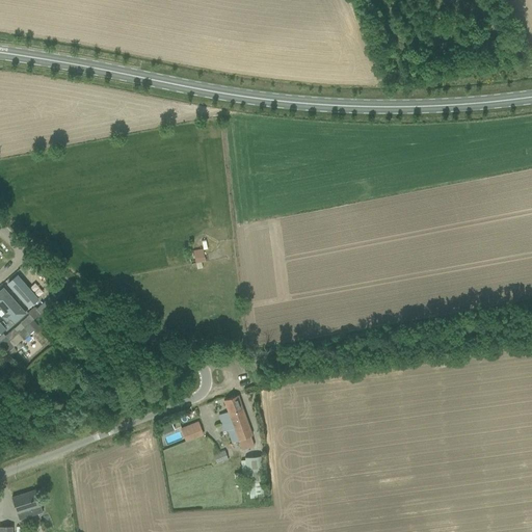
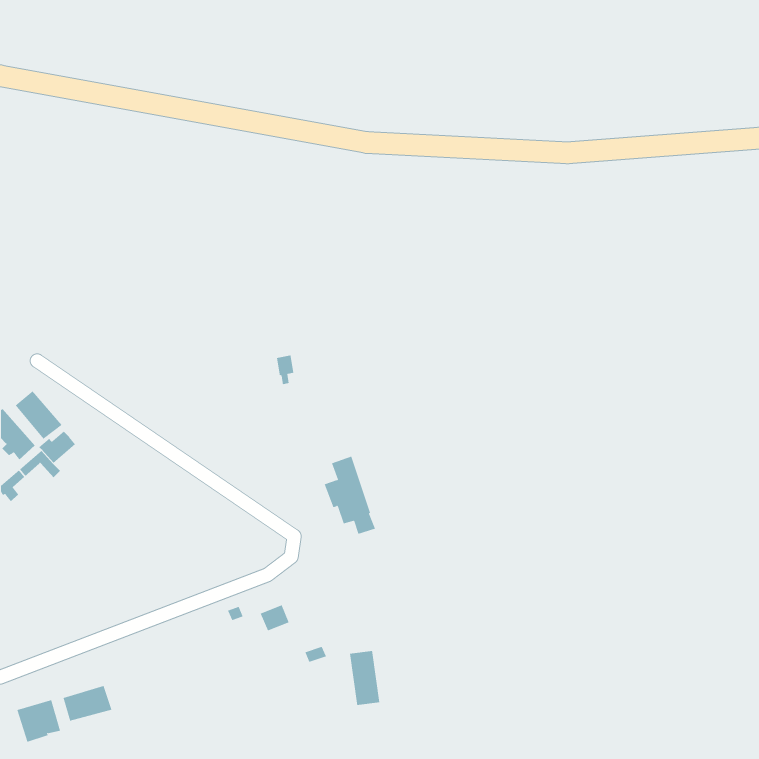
building: [218,395,255,450] -> [324,456,376,535]
building: none -> [63,685,112,722]

